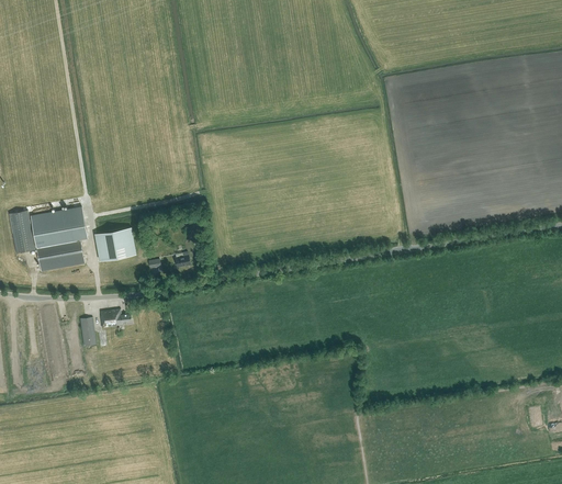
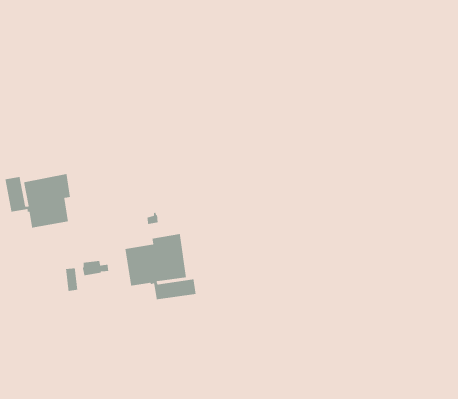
building: [97,227,135,260] -> none
building: none -> [125,233,197,300]

